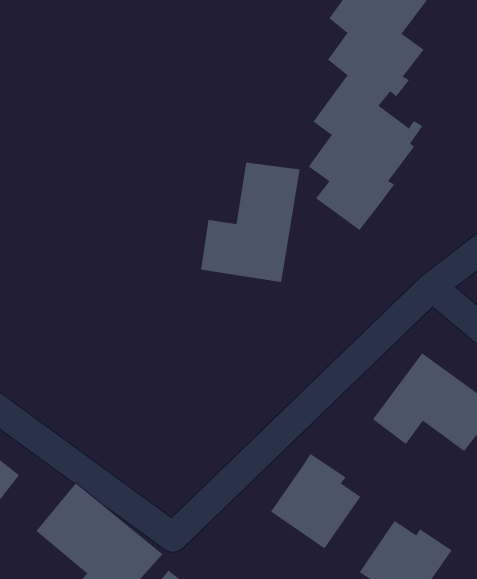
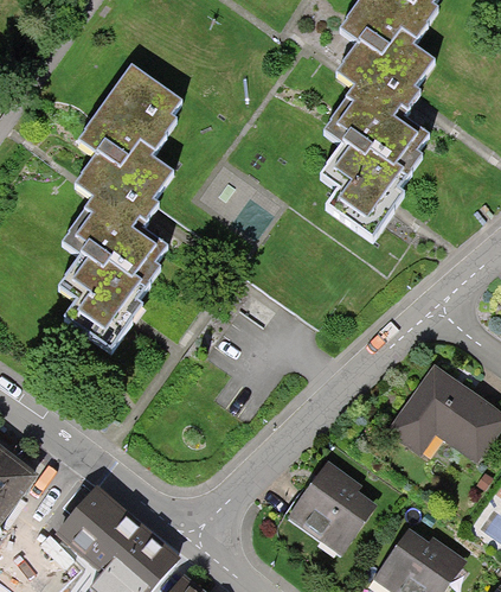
building: none -> [60,70,184,352]
building: [200,162,300,283] -> none

